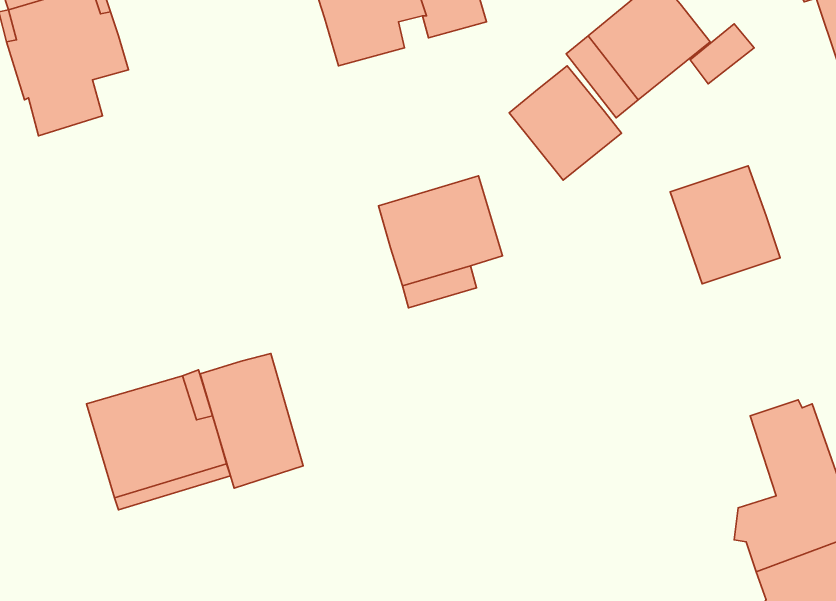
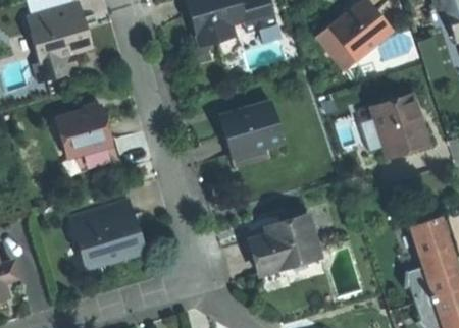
building: [509,66,622,180] -> none
building: none -> [58,101,116,155]
building: [200,353,303,488] -> none
building: none -> [252,216,322,275]

